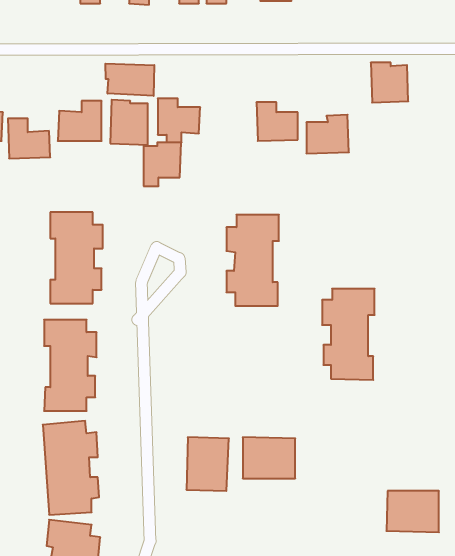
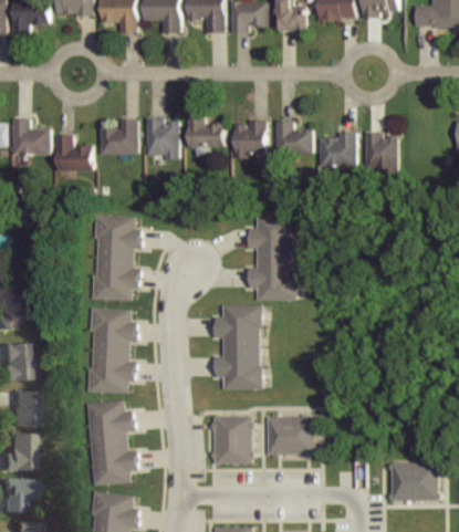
building: [371,63,408,103] -> [365,133,398,168]
building: [105,64,154,96] -> none
building: [144,142,181,186] -> [234,121,268,159]
building: [322,289,375,380] -> [213,307,260,388]

